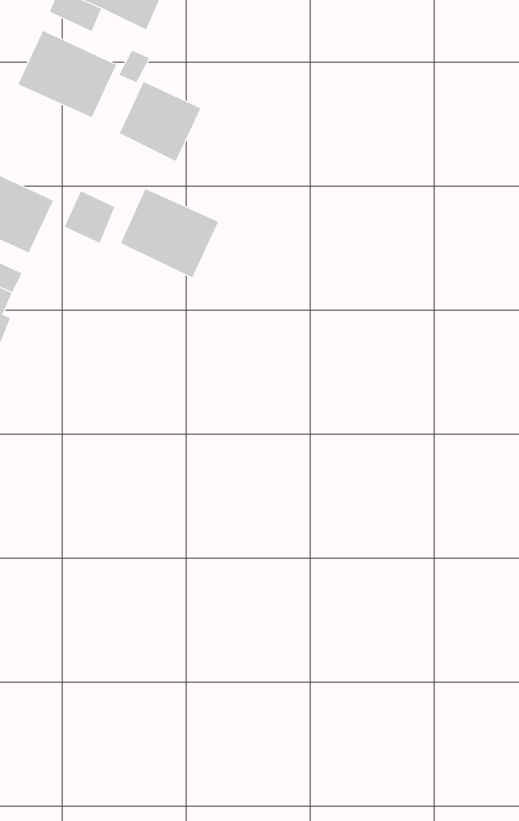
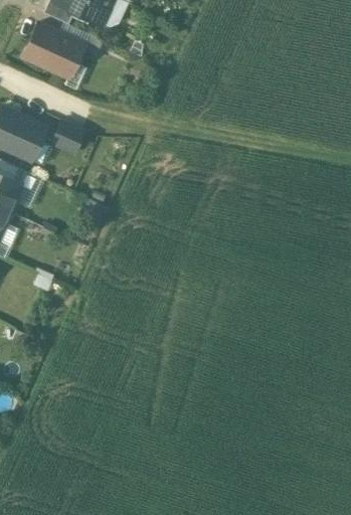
building: [119,81,201,162] -> none
building: [120,188,219,278] -> none

